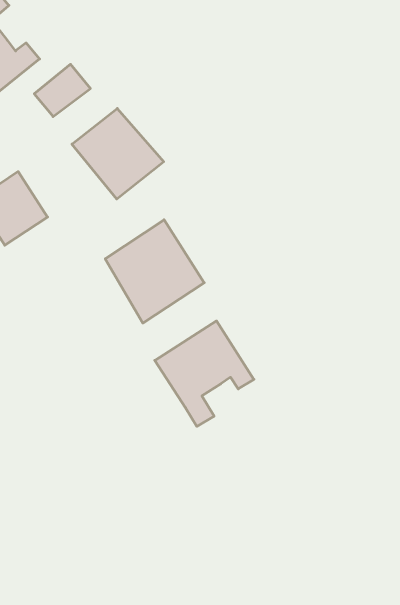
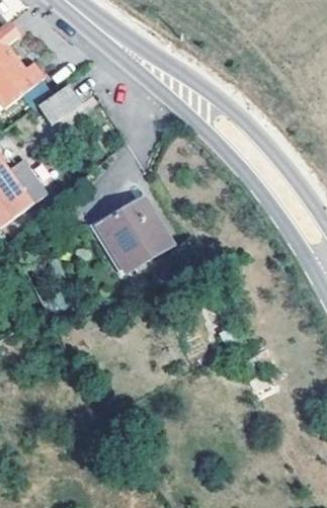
building: [72,108,164,199] -> none
building: [155,321,254,426] -> none

